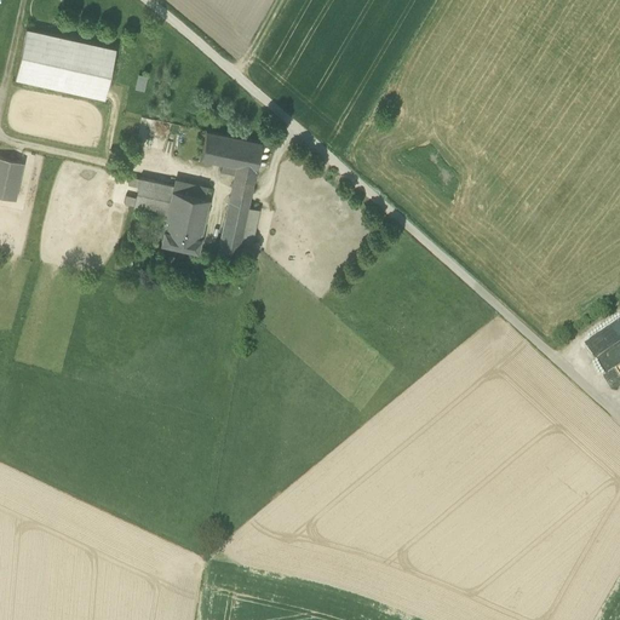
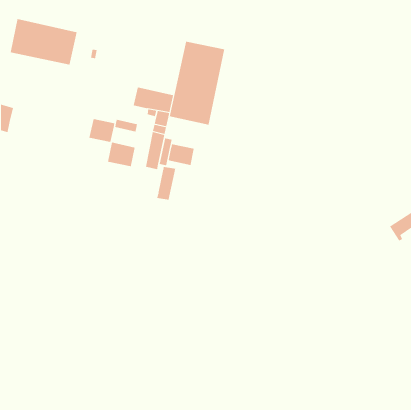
building: none -> [169,41,225,126]
building: [168,194,211,224] -> none
building: none -> [168,143,195,166]
building: none -> [157,166,176,201]

